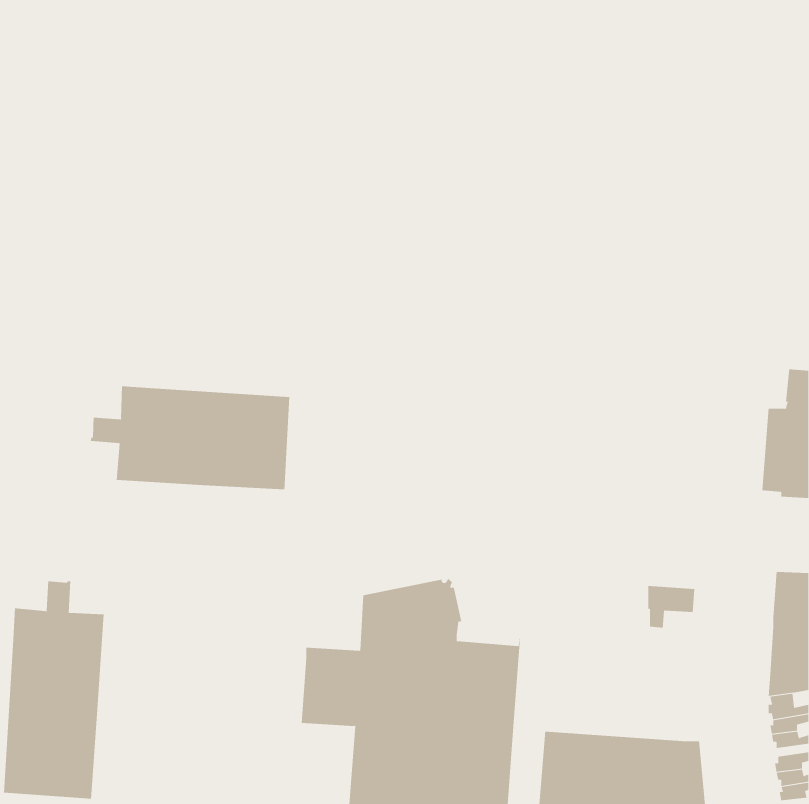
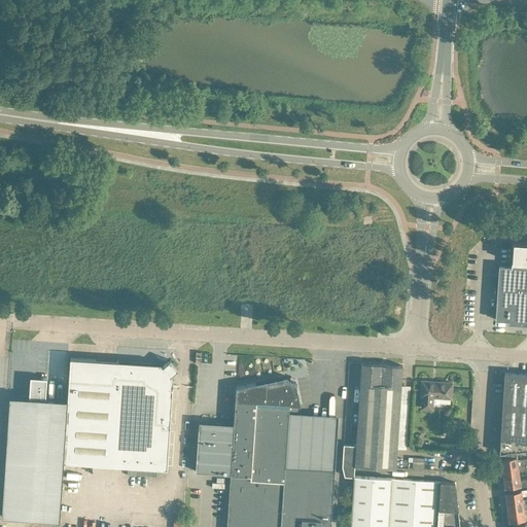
building: [90,385,290,490] -> none
building: none -> [64,360,178,471]
building: none -> [342,365,402,479]

